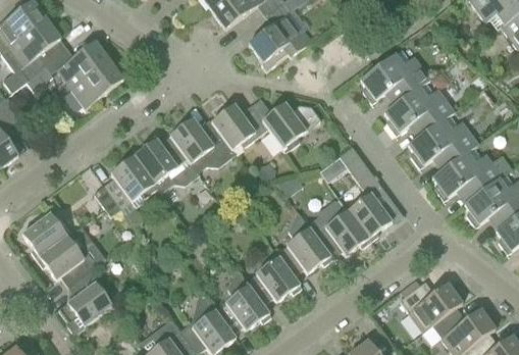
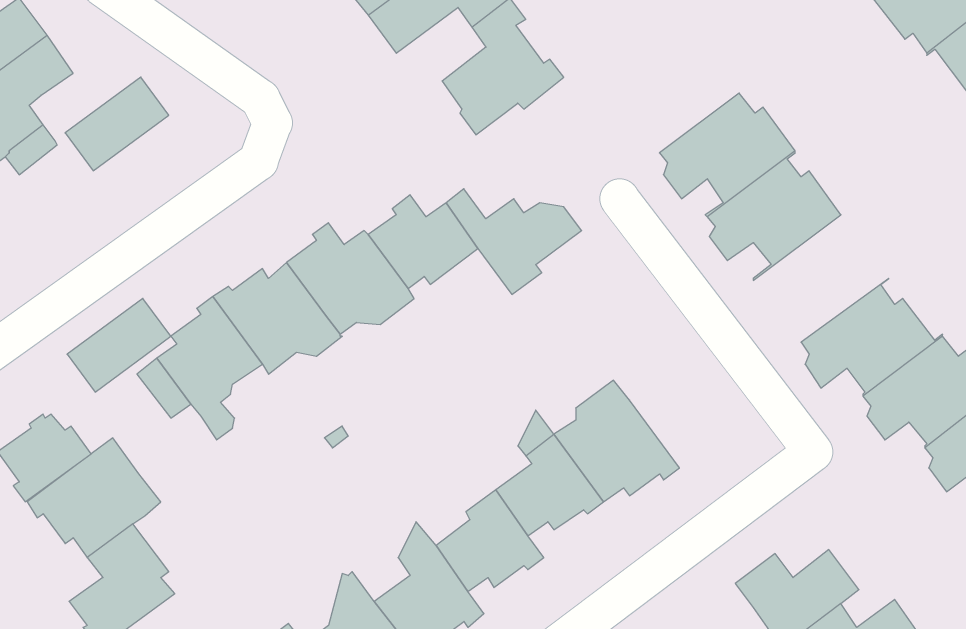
building: [70,60,123,108] -> [67,298,171,392]
building: [408,111,477,176] -> none
building: [339,146,401,241] -> none

